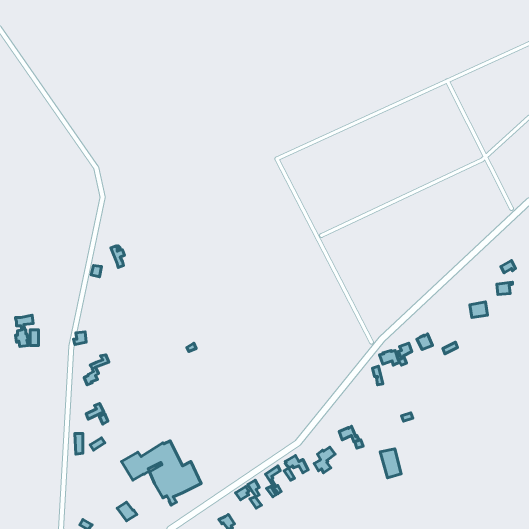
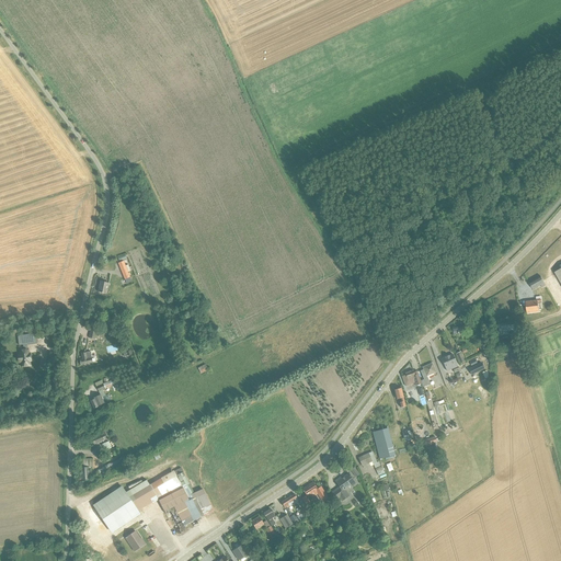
building: [380,449,401,478] -> [371,427,393,458]
building: none -> [93,486,138,531]

